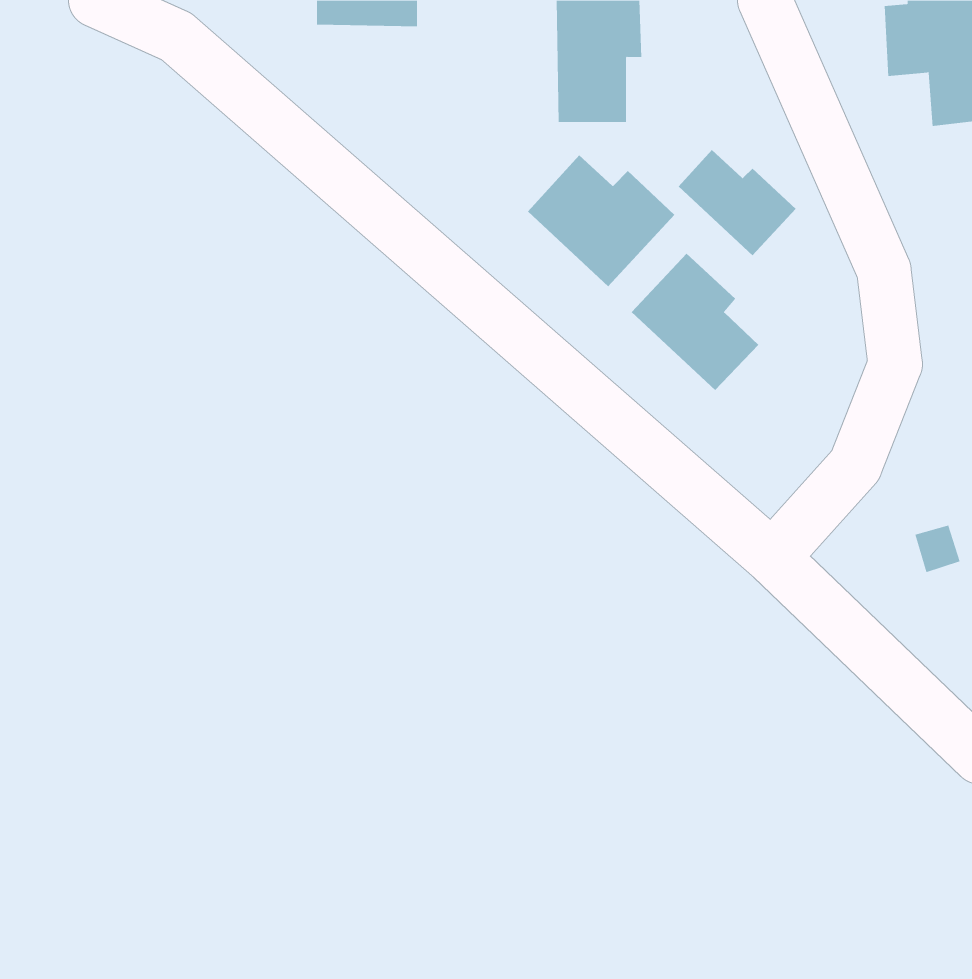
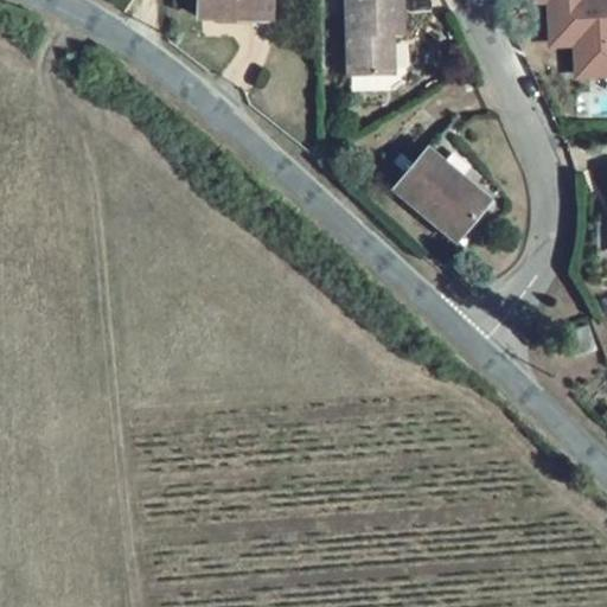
building: [678,149,796,256] -> none
building: [527,155,675,287] -> none

